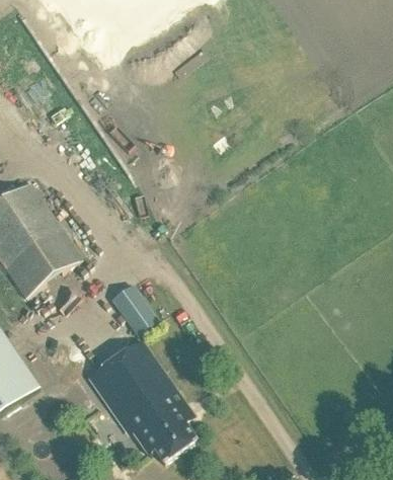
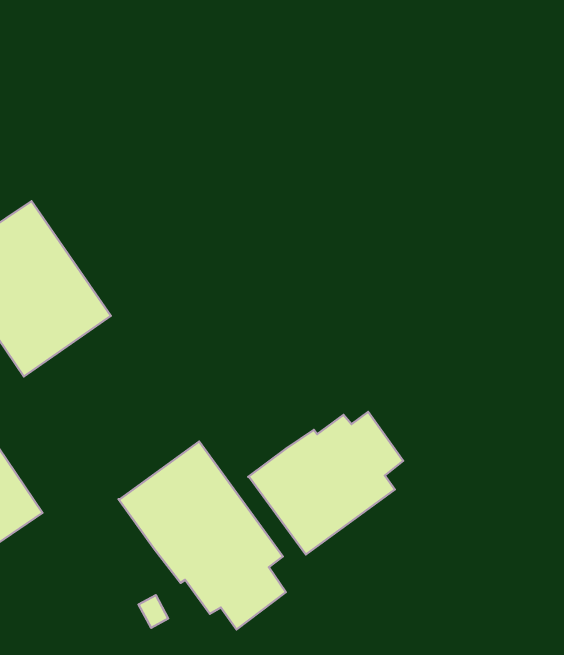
building: [109,282,156,332] -> none
building: none -> [248,412,403,554]

